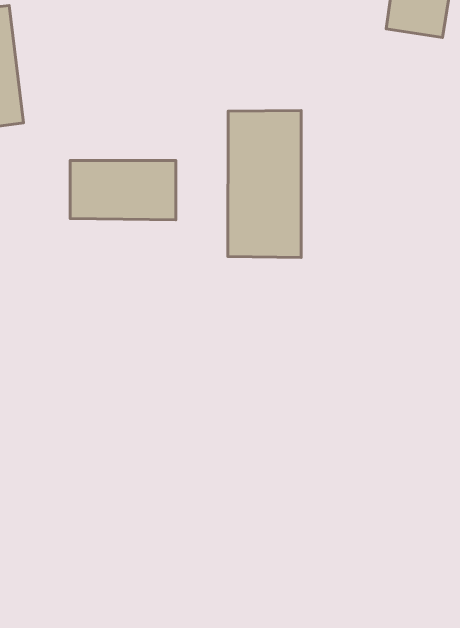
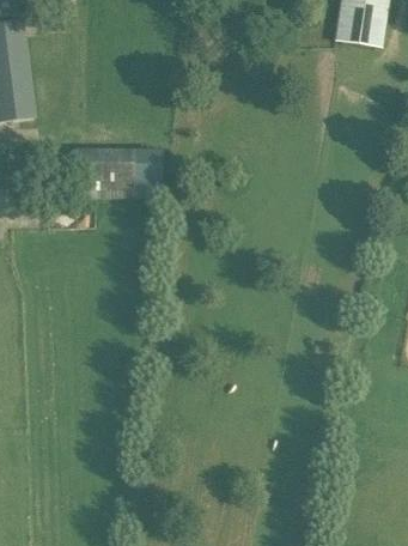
building: [228,110,301,258] -> none

